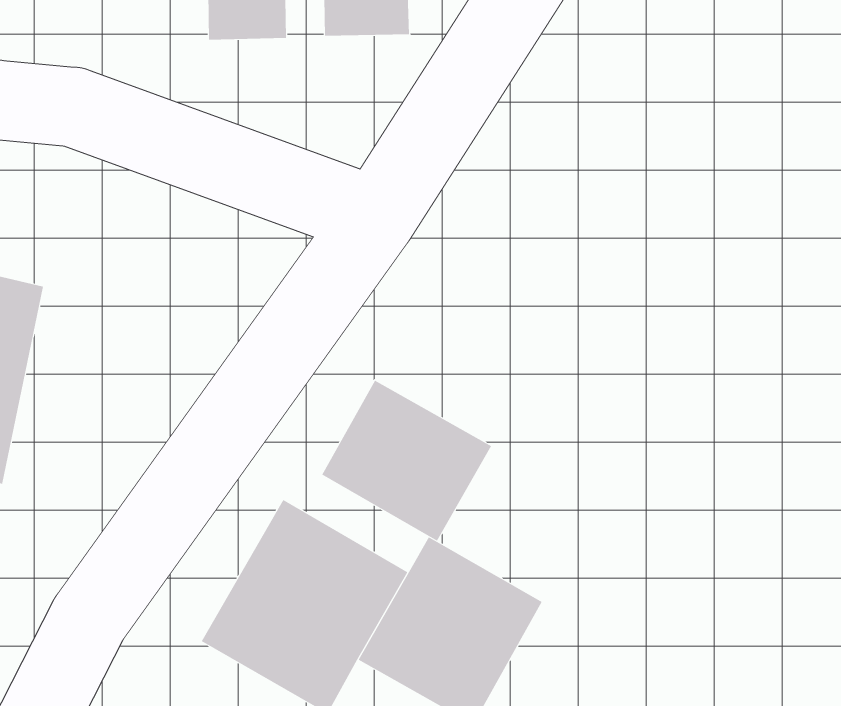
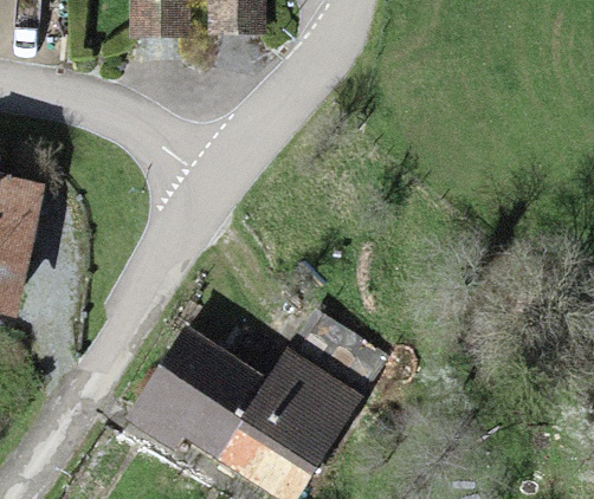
building: [321,380,492,541] -> none

